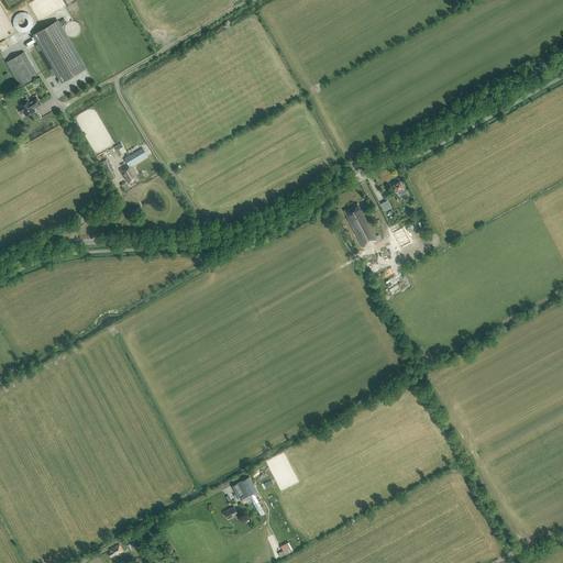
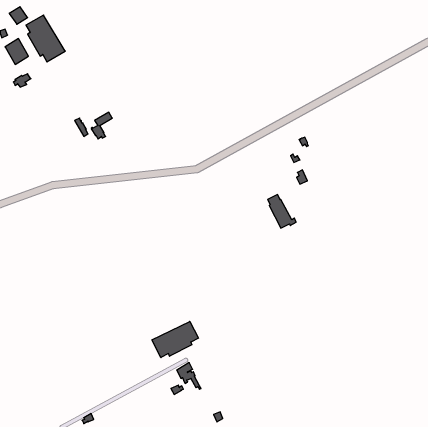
building: [344,202,382,246] -> [268,195,296,228]
building: none -> [152,321,198,358]

